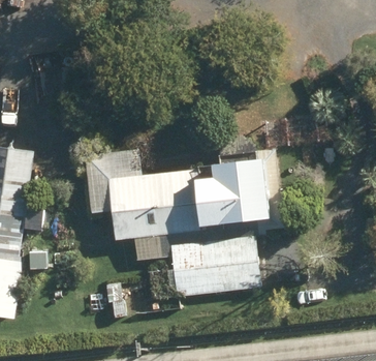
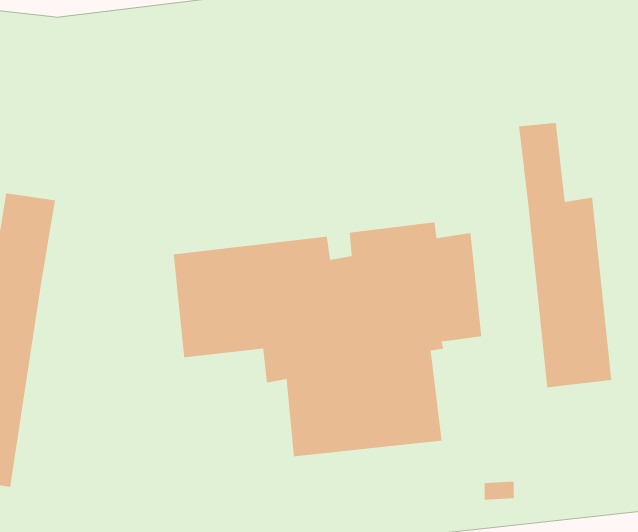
building: none -> [518,122,612,388]

